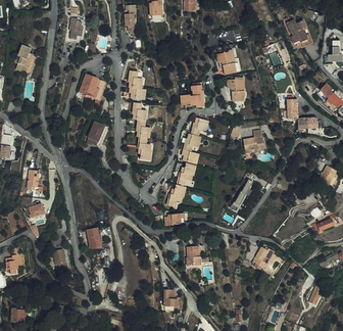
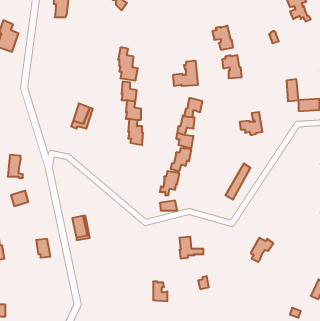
building: [79,74,104,99] -> none

